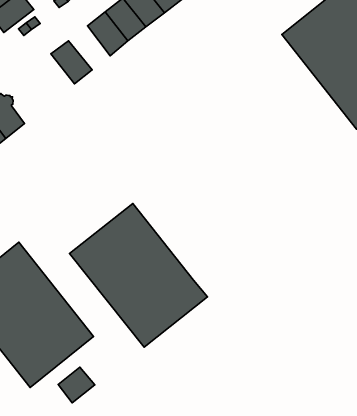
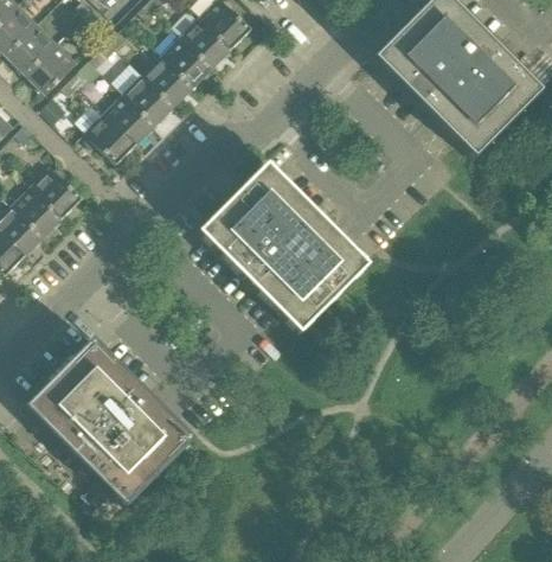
building: none -> [123,74,174,124]
building: none -> [85,111,136,162]
building: [70,203,208,347] -> [199,164,367,331]
building: [58,367,95,403] -> none

